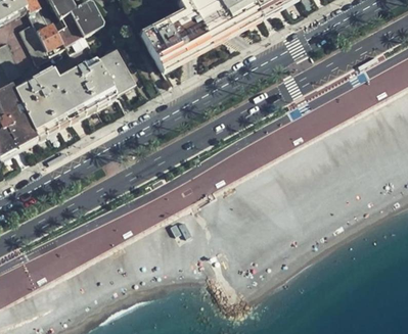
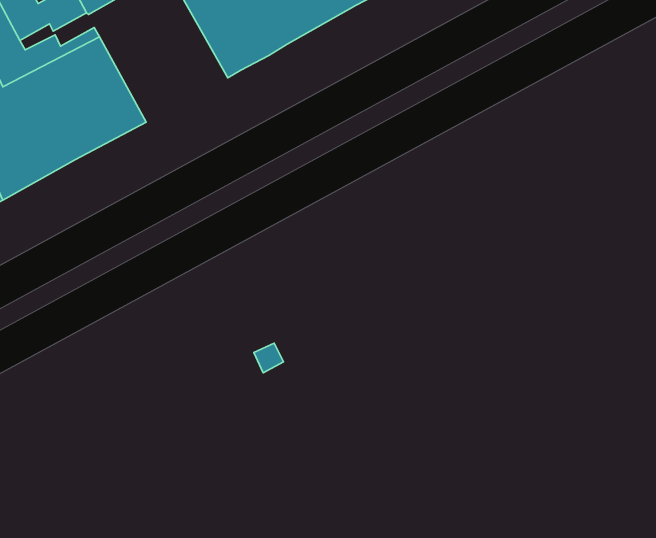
building: [90,37,133,95] -> none

